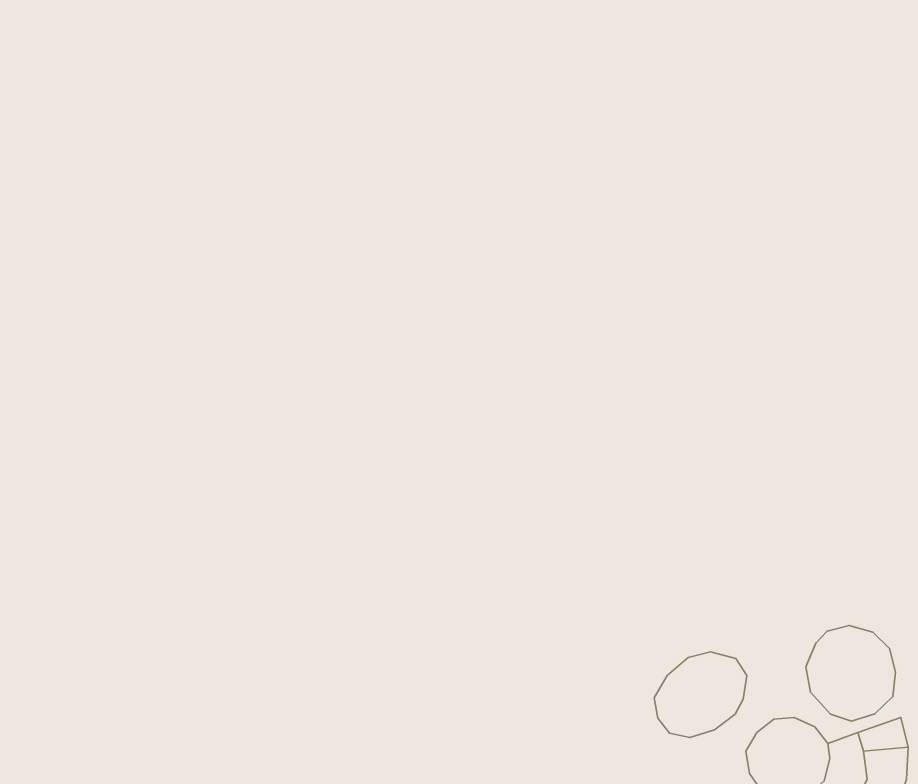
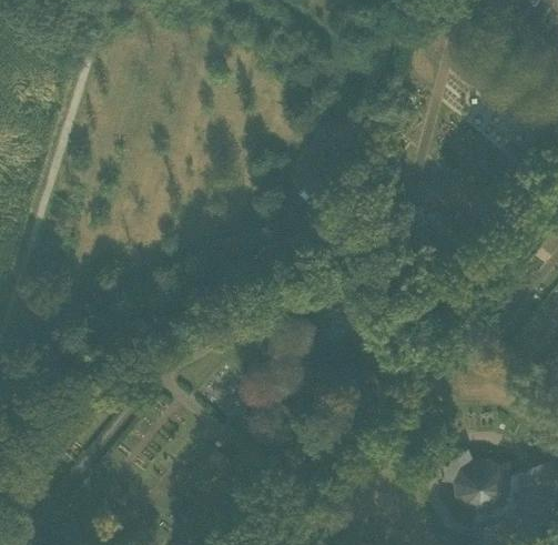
building: [806,626,895,721] -> none
building: [654,652,747,737] -> none

